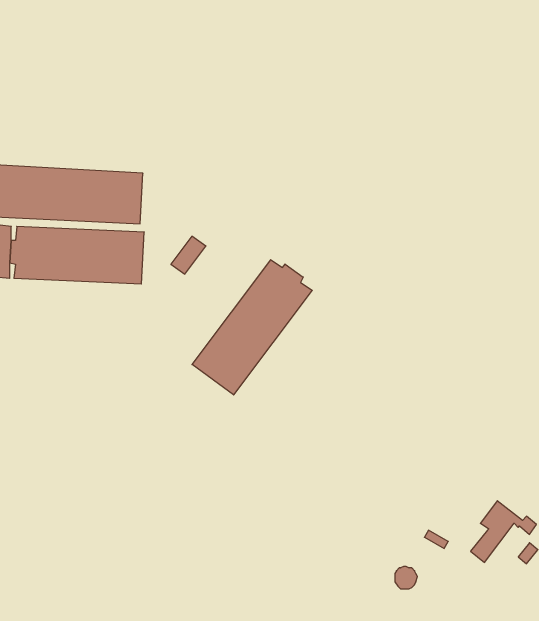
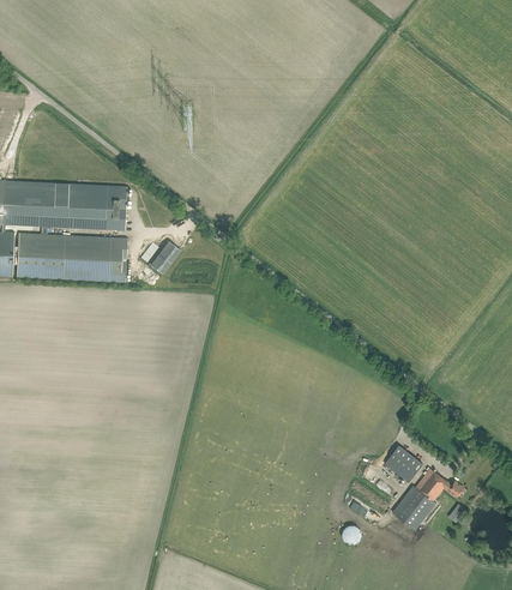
building: [192,260,312,395] -> none
building: none -> [383,445,421,482]

